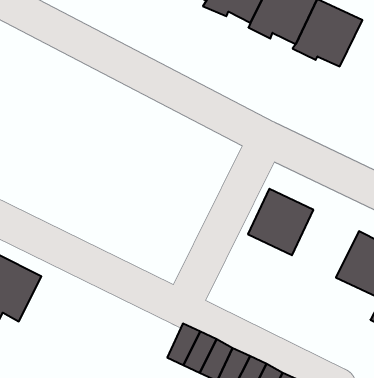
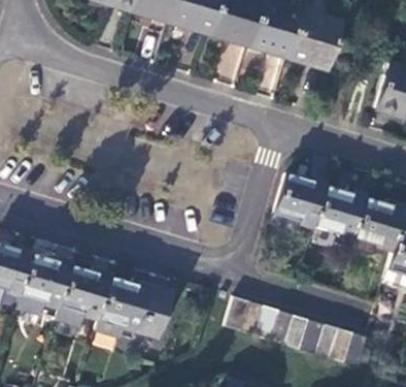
building: none -> [314,186,366,238]
building: none -> [96,278,170,337]

